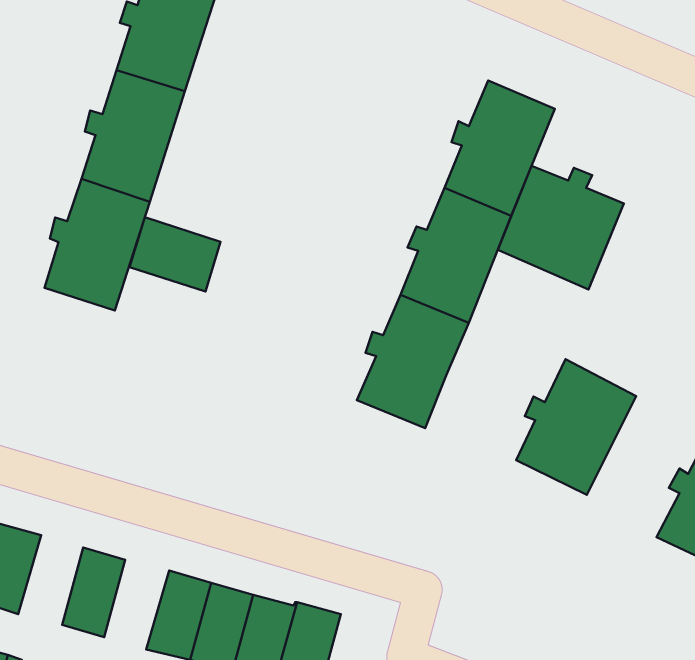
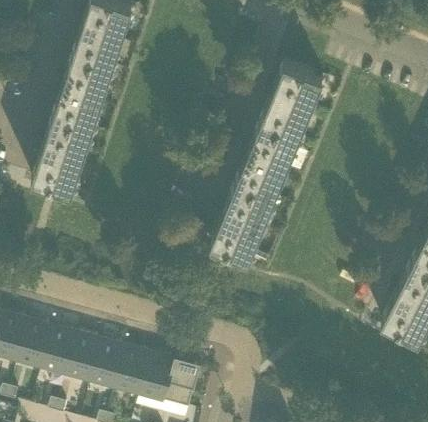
building: [498,166,624,289] -> none
building: [130,217,221,292] -> none
building: [516,359,636,495] -> none
building: none -> [21,320,58,371]
building: none -> [70,334,107,385]

